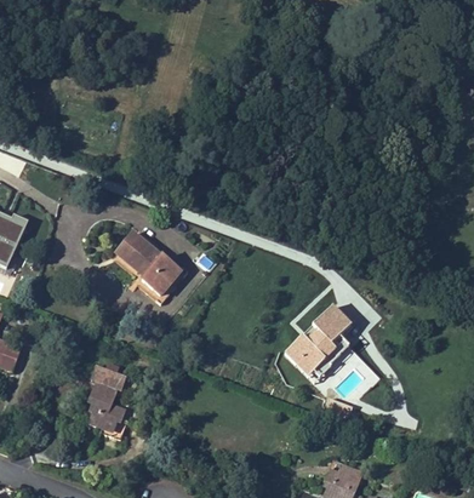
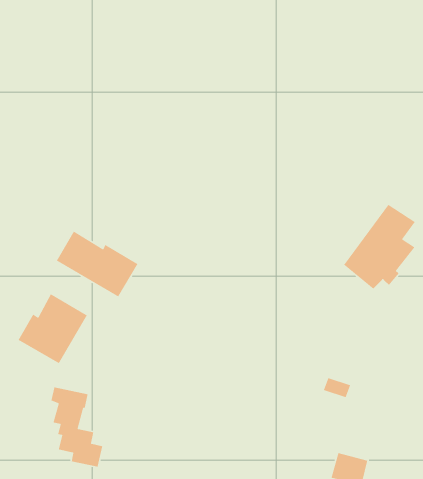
building: none -> [18,293,88,364]
building: [286,302,355,374] -> [343,204,416,290]

